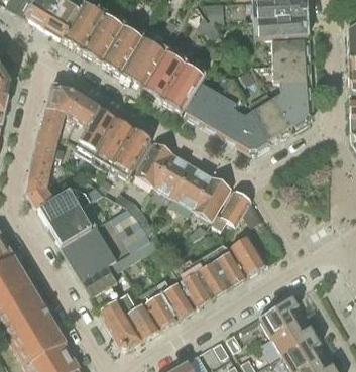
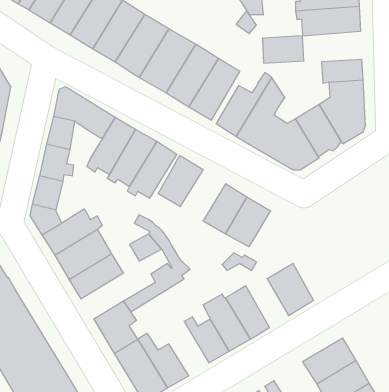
building: [273,38,309,61] -> [262,36,304,63]
building: [154,153,193,197] -> none
building: [214,191,251,230] -> none
building: [70,241,116,280] -> none
building: [210,243,246,287] -> none
building: [140,282,179,329] -> none

